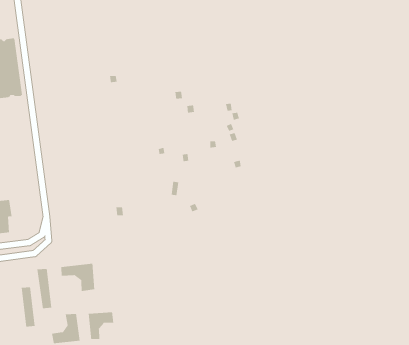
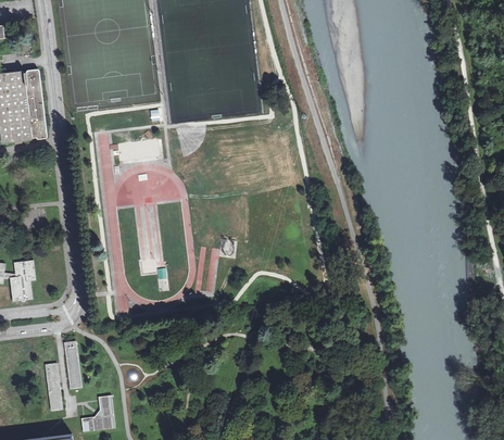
building: [61,263,95,292] -> none
building: [88,312,114,340] -> none

